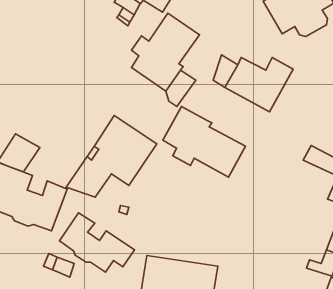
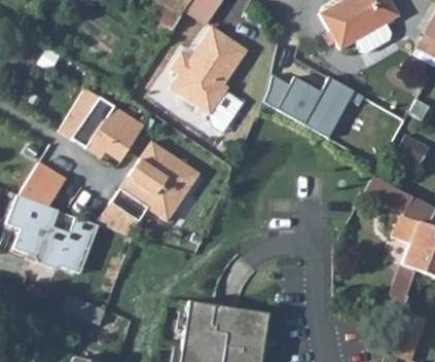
building: none -> [59,87,144,156]
building: [163,107,245,177] -> none
building: [60,213,135,272] -> none

